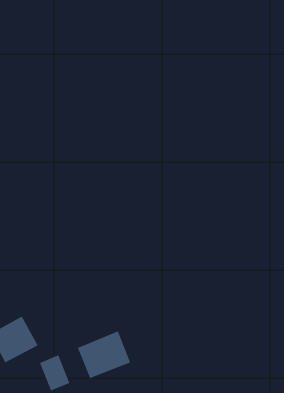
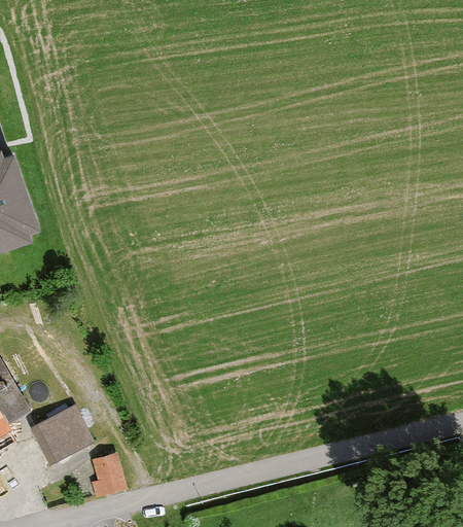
building: [77,330,131,379] -> none

